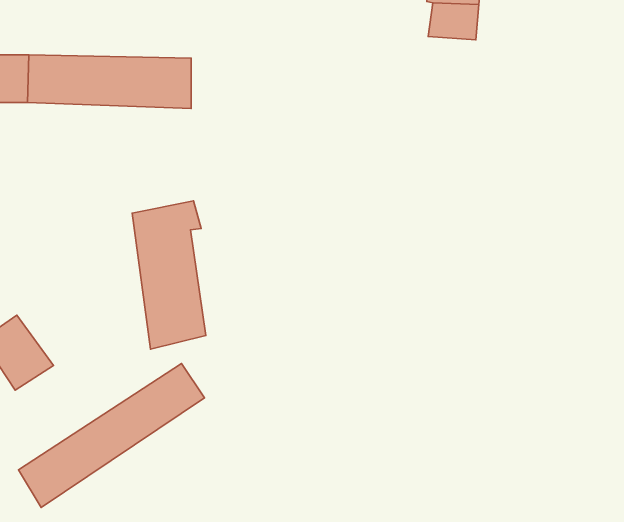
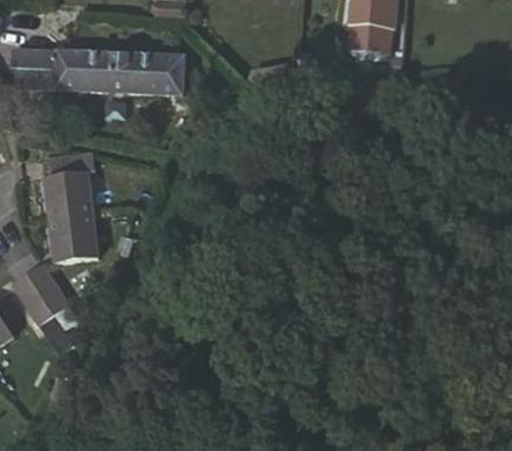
building: [132,201,206,349] -> [40,139,97,254]
building: [18,363,204,507] -> none

